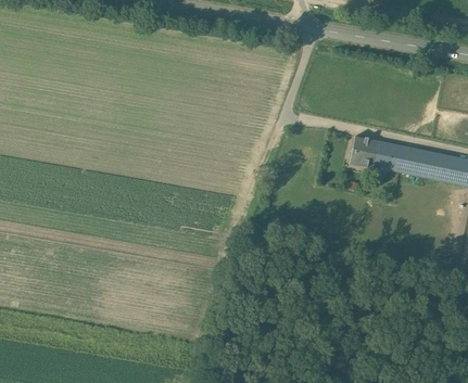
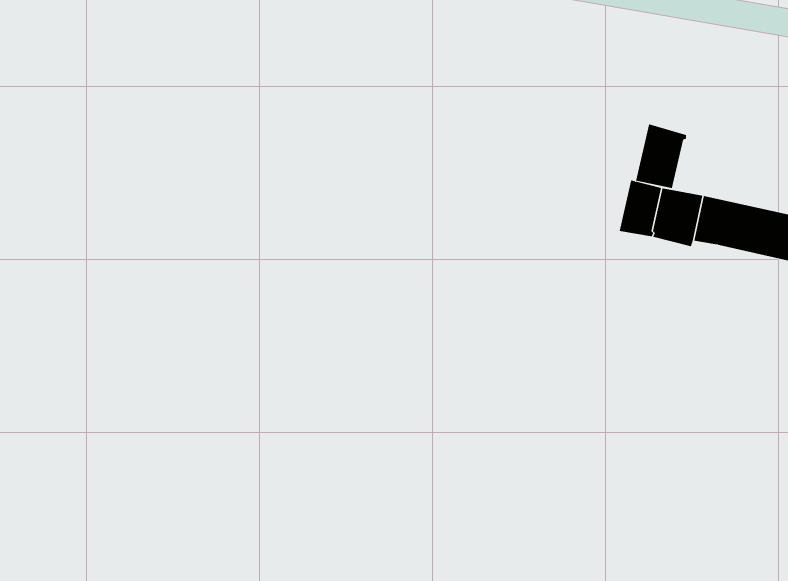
building: none -> [636,124,687,189]

